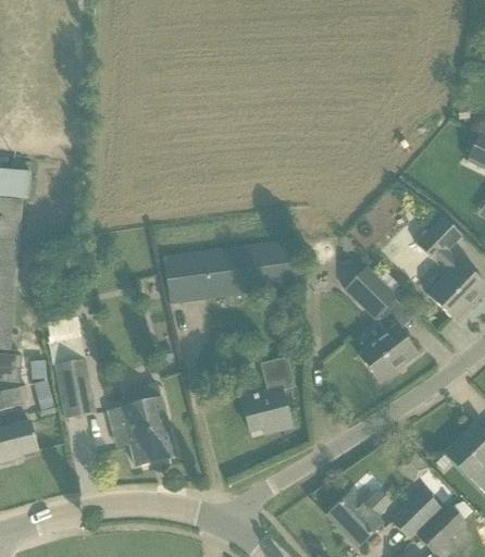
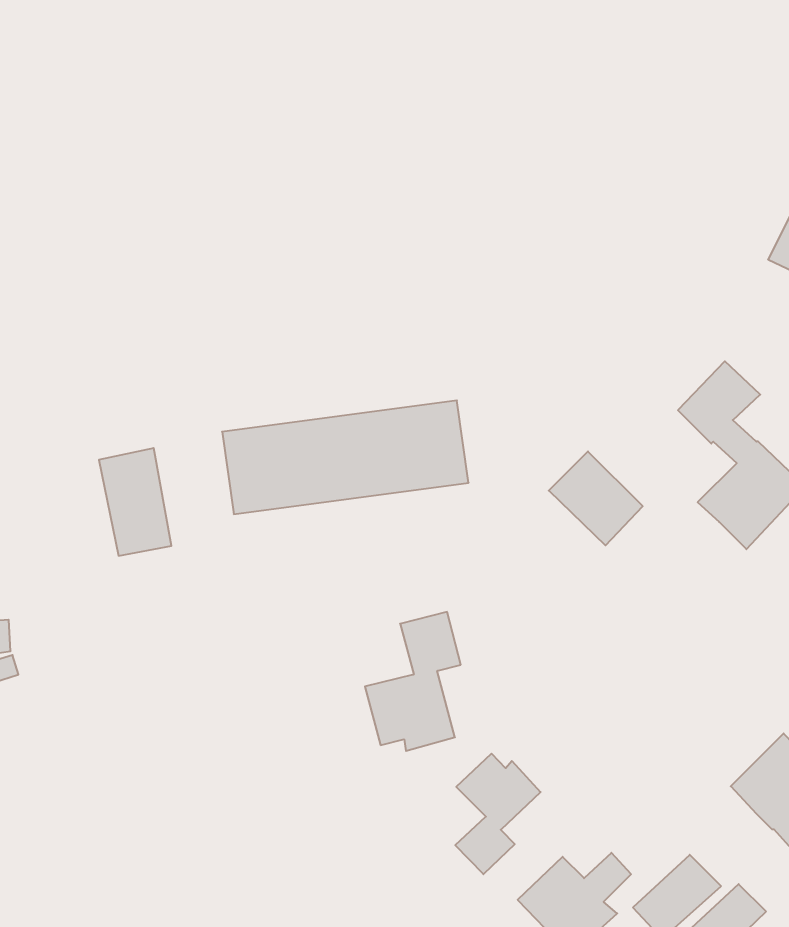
building: [358,324,418,382] -> none
building: [54,358,95,418] -> [99,448,171,556]
building: [108,396,177,467] -> none
building: none -> [455,754,541,874]

